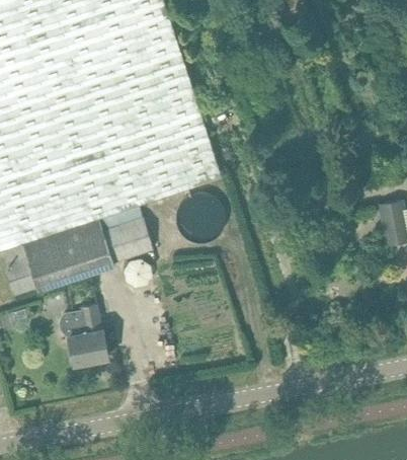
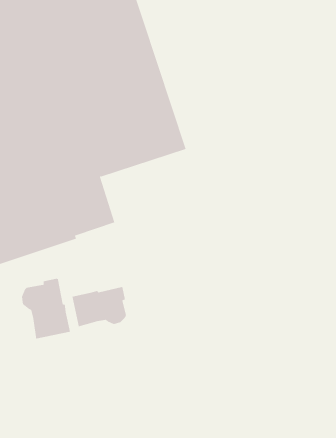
building: none -> [72,286,127,327]

